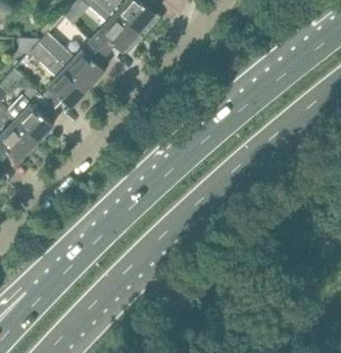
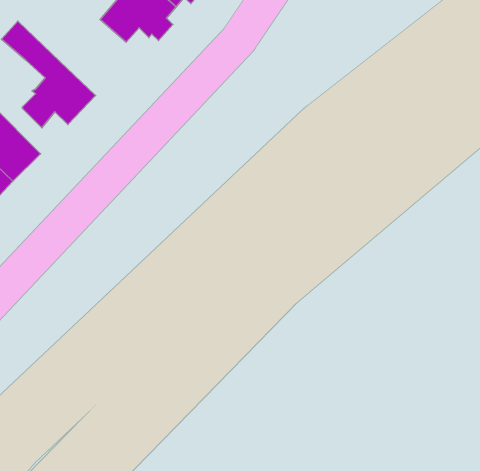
building: [39,33,107,89] -> none

